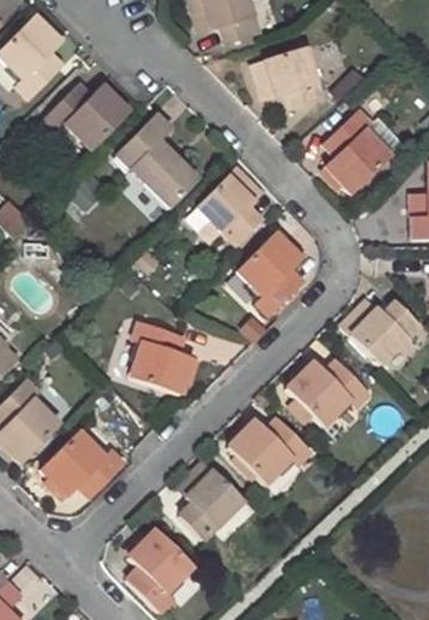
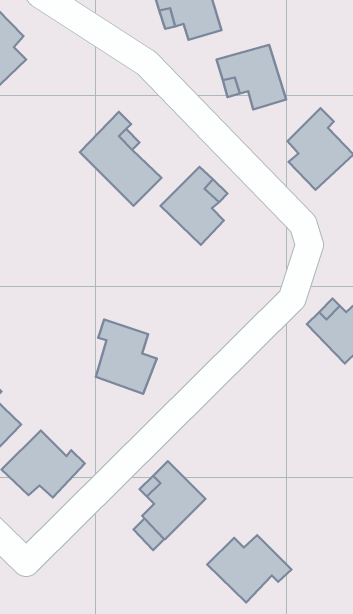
building: [46,82,130,149] -> none
building: [236,235,303,315] -> none
building: [285,360,370,427] -> none
building: [228,418,311,484] -> [207,535,292,602]
building: [127,529,193,607] -> none

